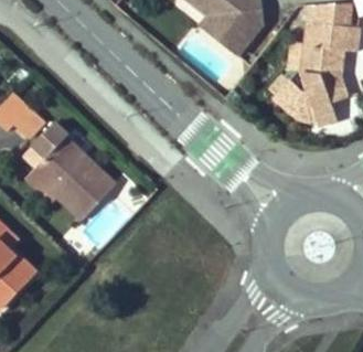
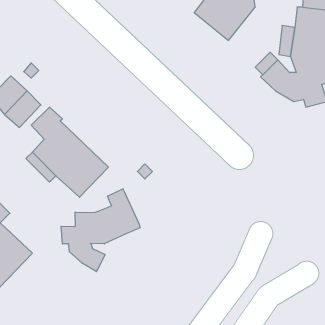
building: none -> [61,189,140,272]

